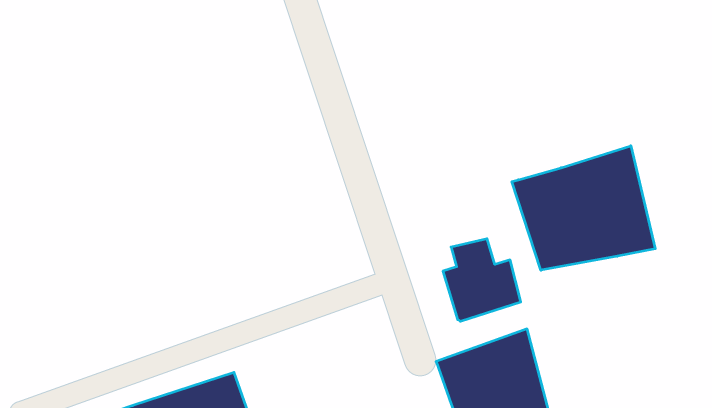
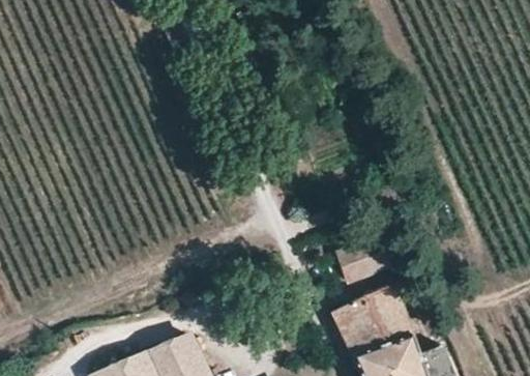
building: [512,146,655,270] -> none

